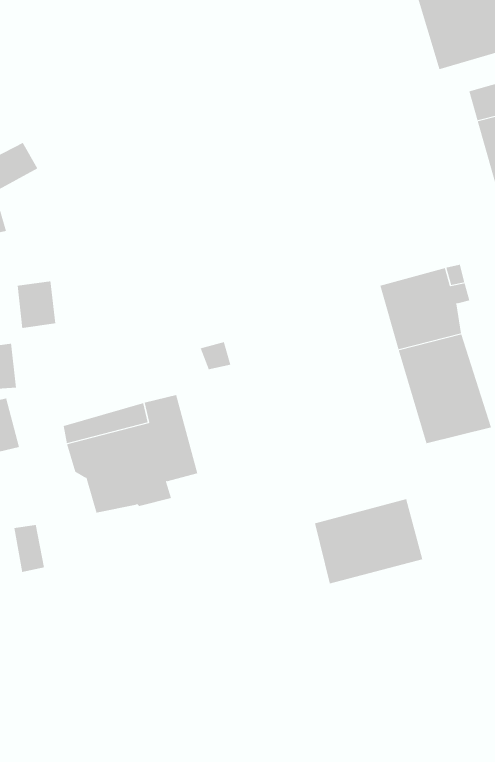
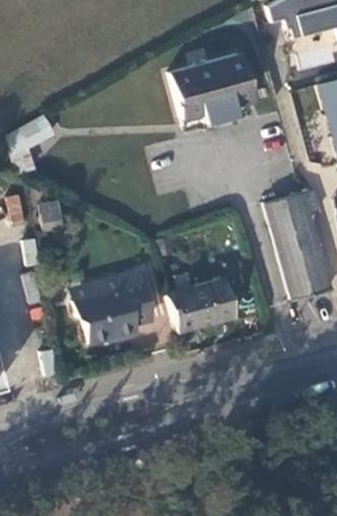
building: none -> [170,55,250,118]
building: [314,498,423,584] -> [167,280,234,333]

